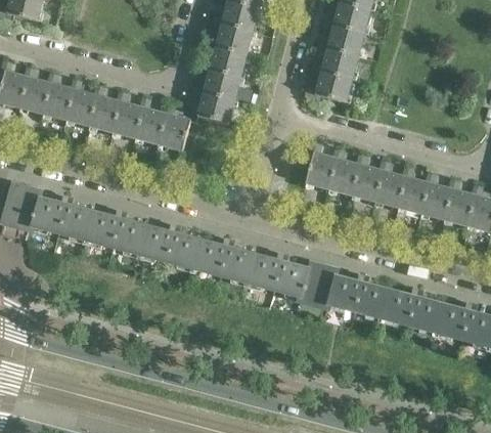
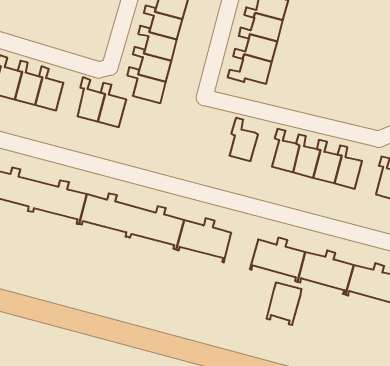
building: [114,89,144,138] -> none
building: [329,146,361,194] -> none
building: [445,177,477,225] -> none
building: [300,261,339,308] -> [266,283,302,325]

